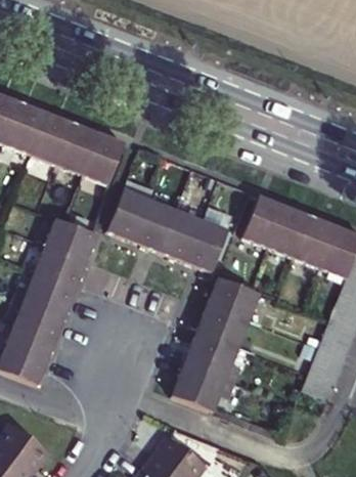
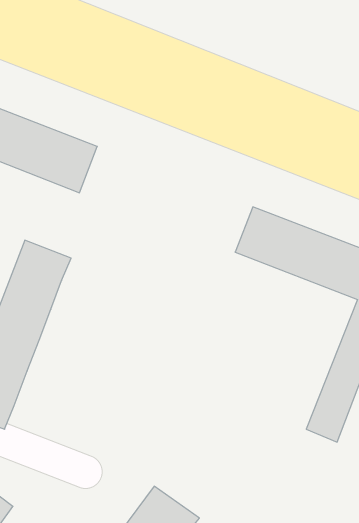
building: [108,192,226,270] -> none
building: [174,279,260,415] -> none

